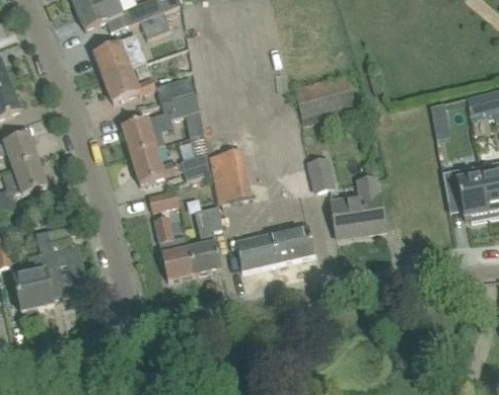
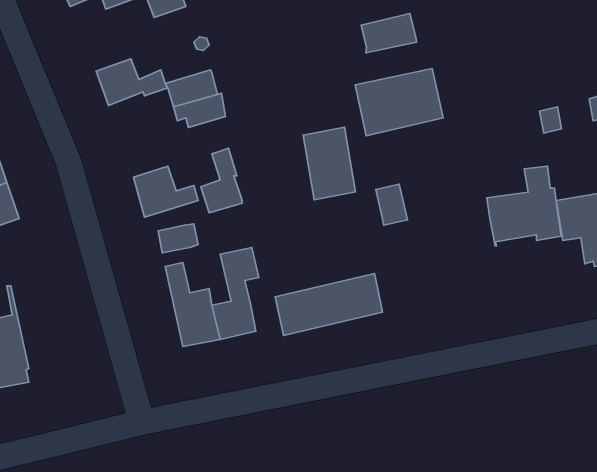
building: [93,33,145,77] -> none
building: none -> [361,14,417,53]
building: [122,111,173,155] -> none
building: [211,150,249,204] -> [303,127,355,200]
building: [331,178,385,237] -> [487,166,561,246]
building: [41,229,86,296] -> none

